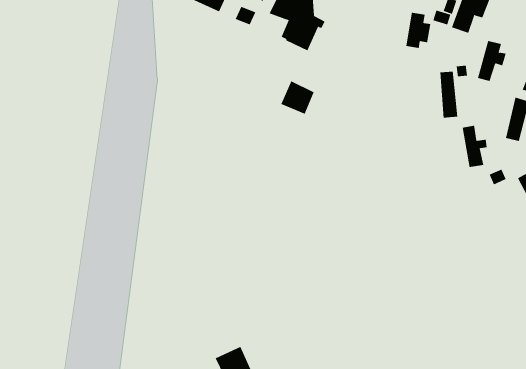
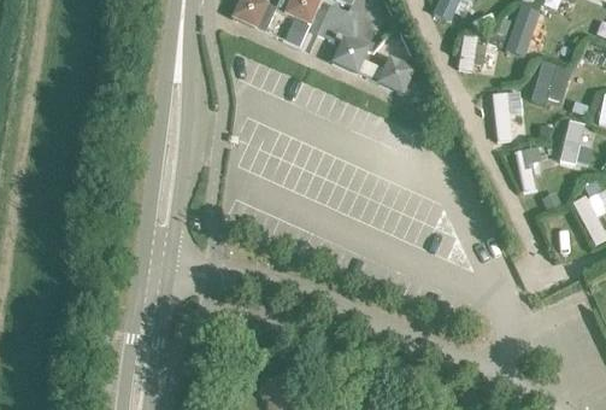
building: [280,81,314,115] -> [378,58,413,93]

